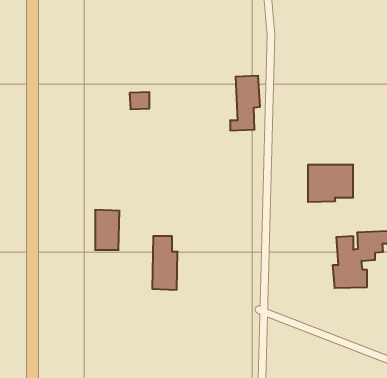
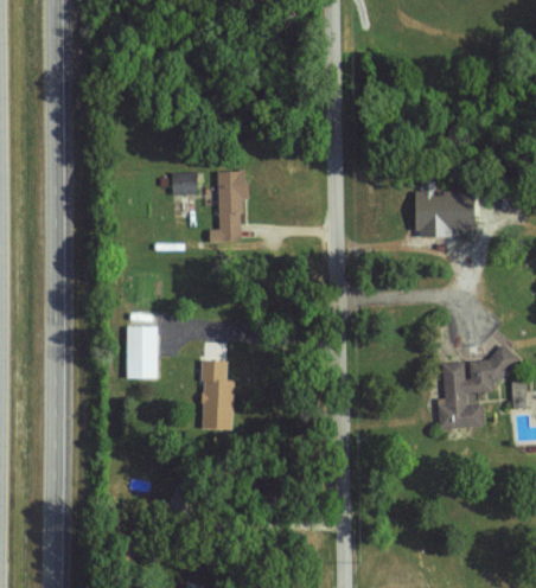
building: [230,76,260,130] -> [209,171,248,242]
building: [308,165,353,202] -> [416,190,476,238]

